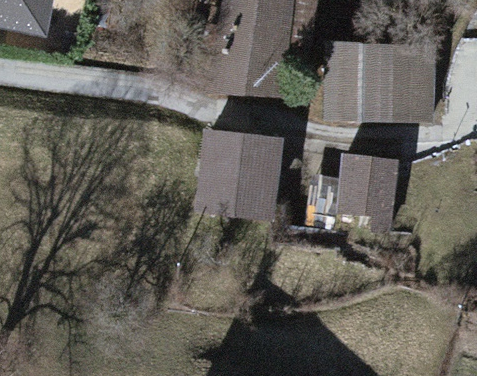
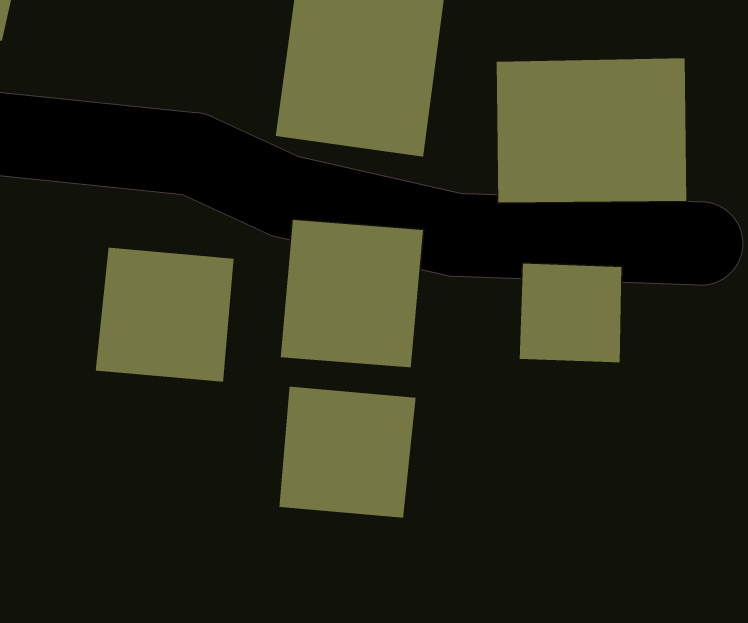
building: none -> [95,247,235,382]
building: none -> [278,386,416,519]

